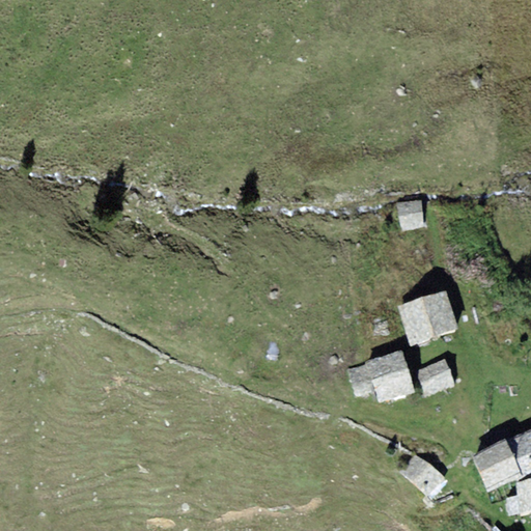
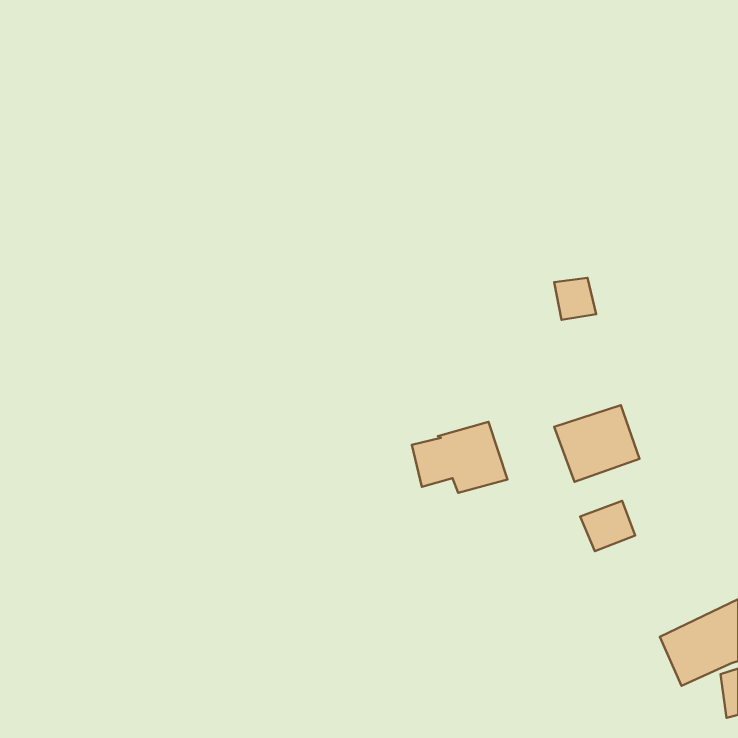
building: [346,351,415,401] -> [412,422,507,493]
building: [399,452,445,496] -> none

